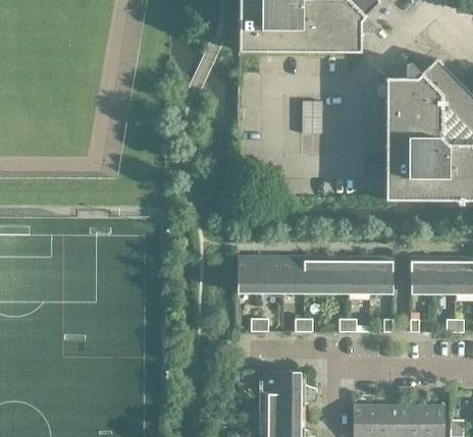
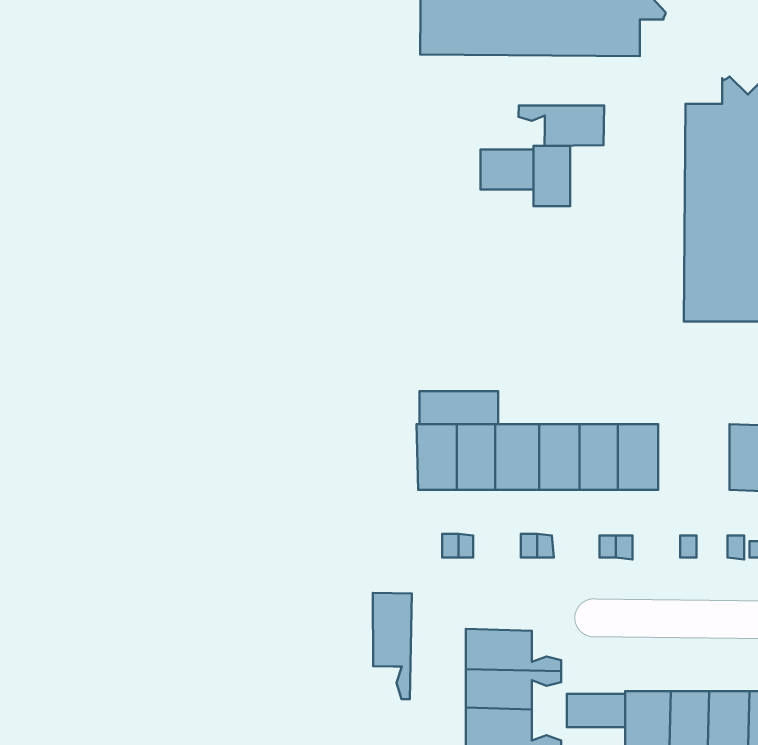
building: none -> [519,105,604,146]
building: none -> [481,149,534,189]
building: none -> [420,391,498,424]
building: [372,257,395,293] -> none
building: none -> [373,593,412,699]
building: none -> [567,694,625,727]

